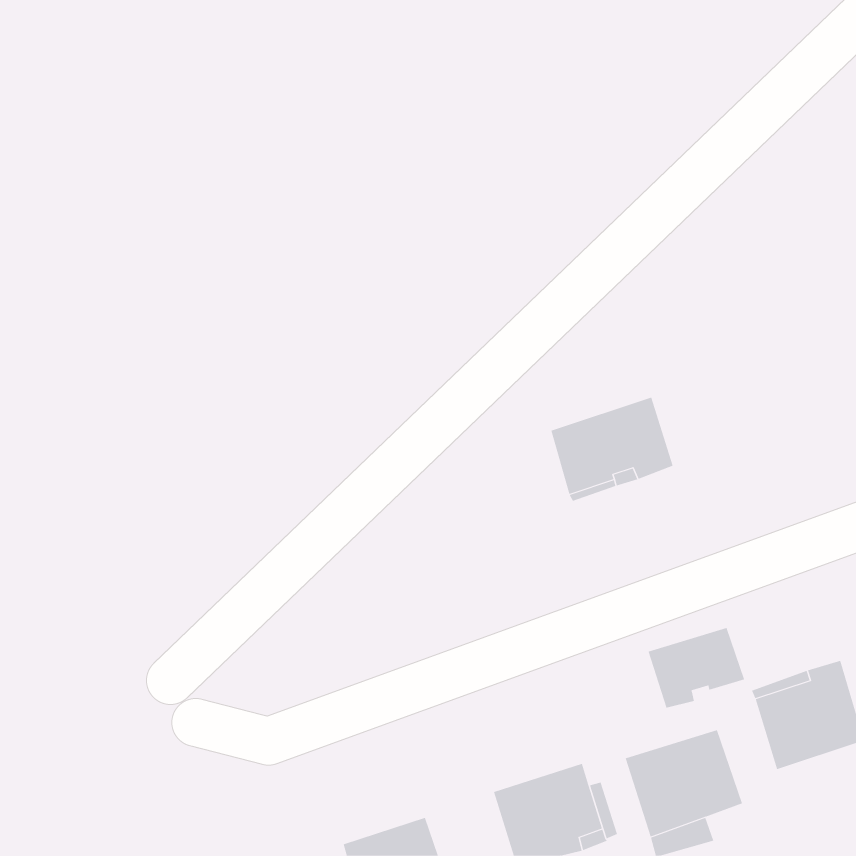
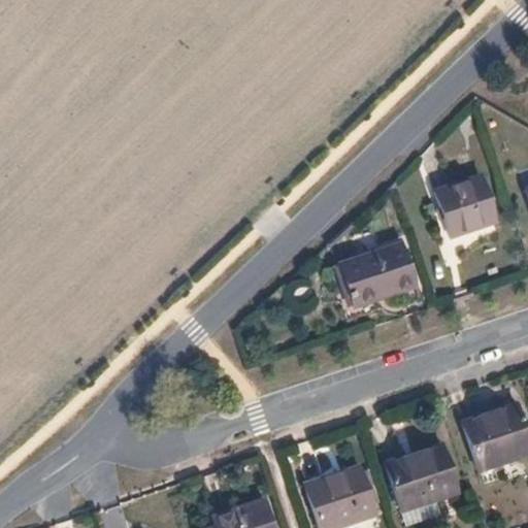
building: none -> [436,175,497,236]
building: [648,627,745,709] -> none

